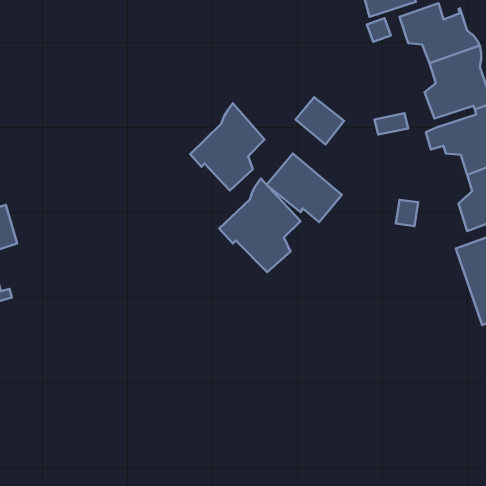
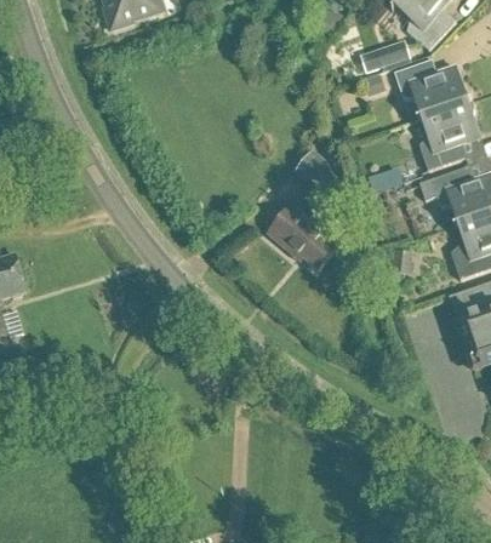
building: [190,103,265,191] -> none
building: [219,179,300,272] -> none

